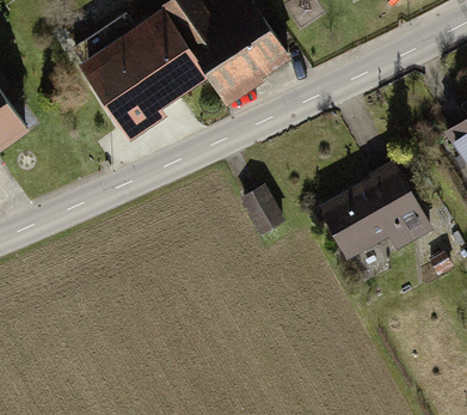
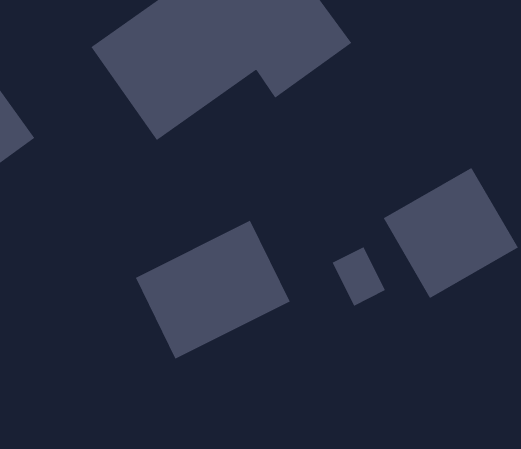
building: [238,185,282,234] -> [332,246,386,306]
building: none -> [135,220,290,359]

